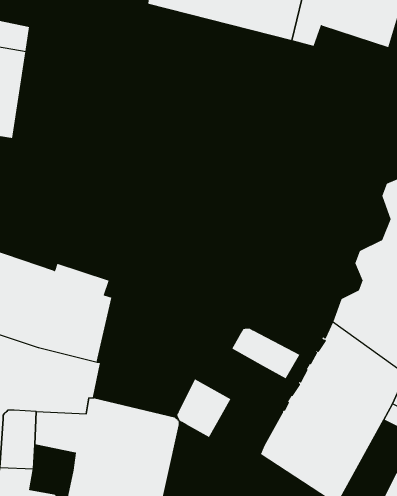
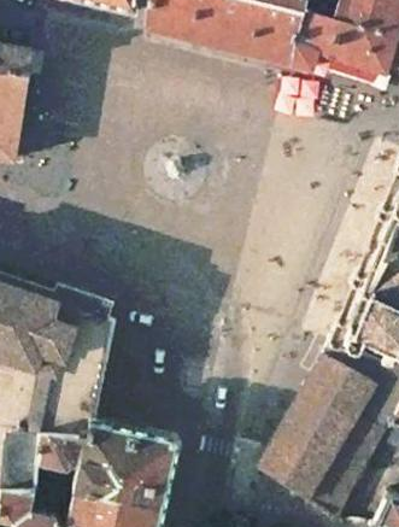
building: [232,328,300,379] -> none
building: [176,379,231,438] -> none

